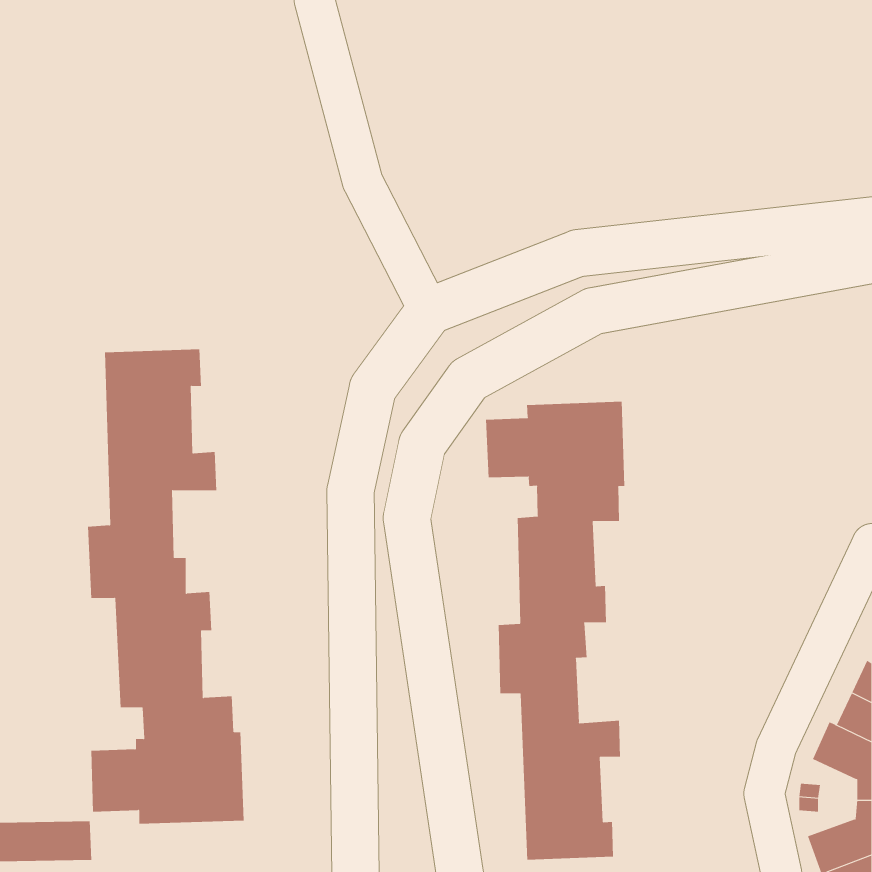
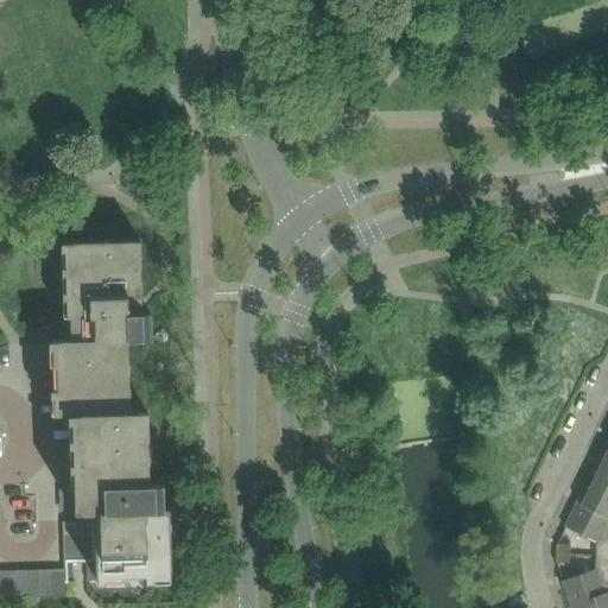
building: [486,401,625,860] -> none

